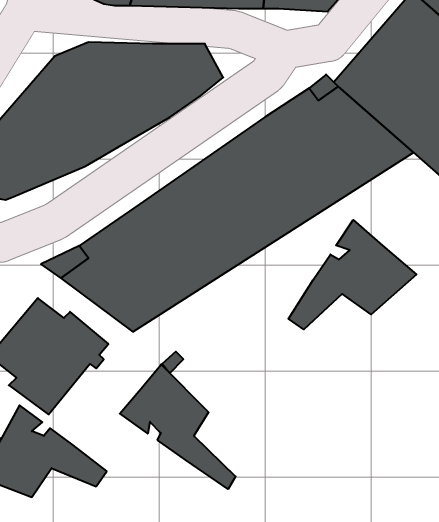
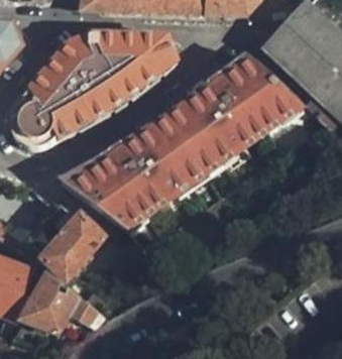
building: [288,220,416,329] -> none
building: [120,364,236,489] -> none

